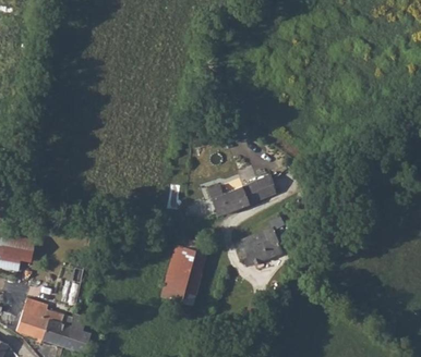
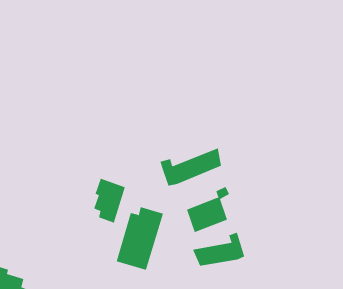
building: none -> [93,178,125,223]
building: none -> [192,232,245,266]

